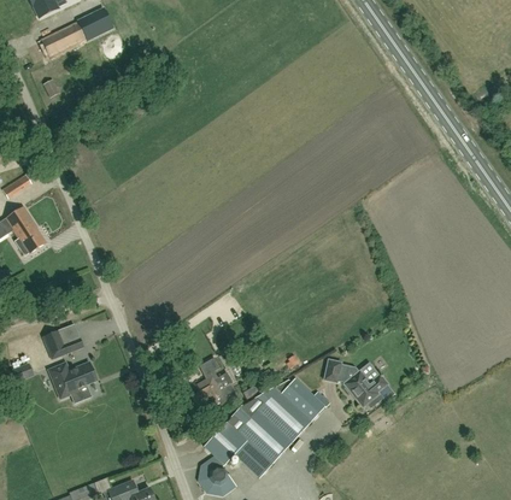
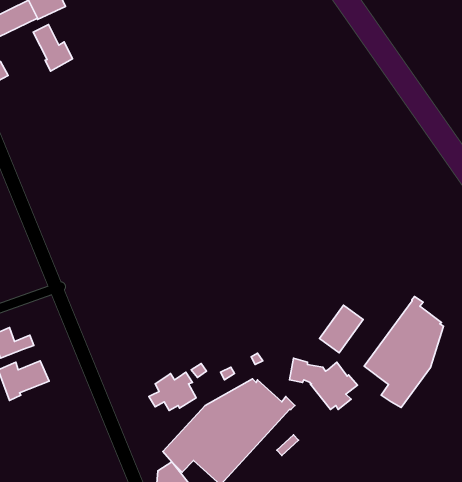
building: none -> [33,25,72,71]
building: none -> [364,296,443,408]
building: none -> [320,305,363,353]

